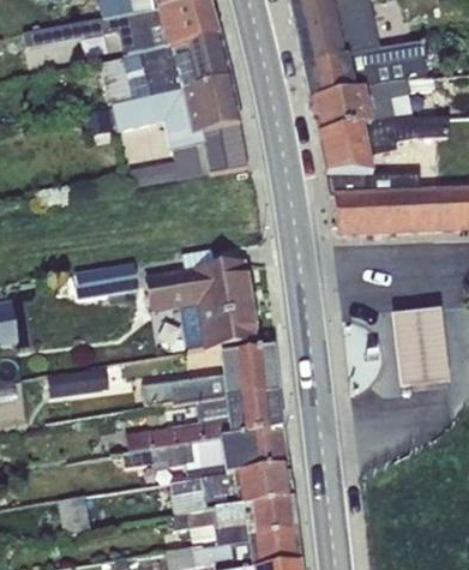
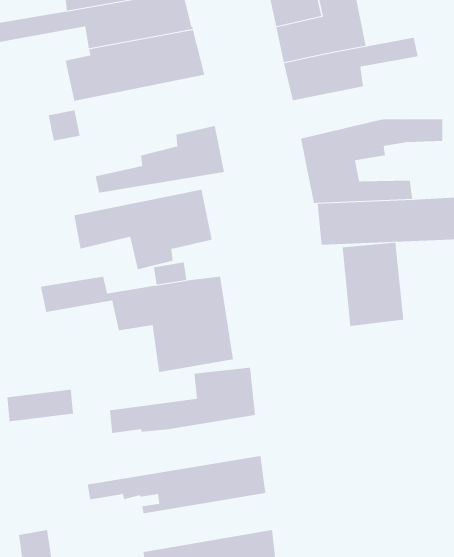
building: [113,76,241,150] -> [73,189,213,270]
building: [312,76,437,134] -> none
building: [392,314,450,392] -> [342,242,404,326]
building: [127,390,283,452] -> none
building: [170,462,294,516] -> none

